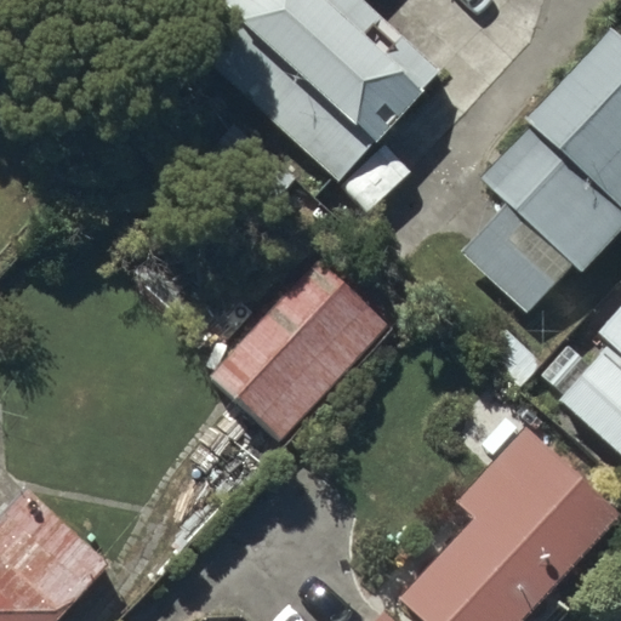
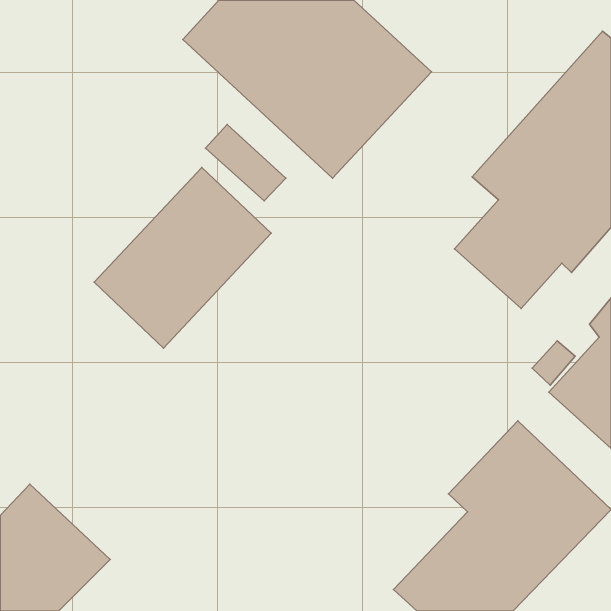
building: [210,258,389,441] -> [94,168,271,348]

